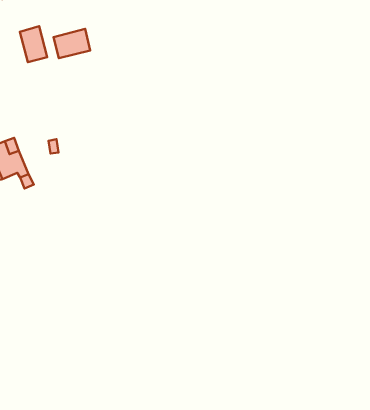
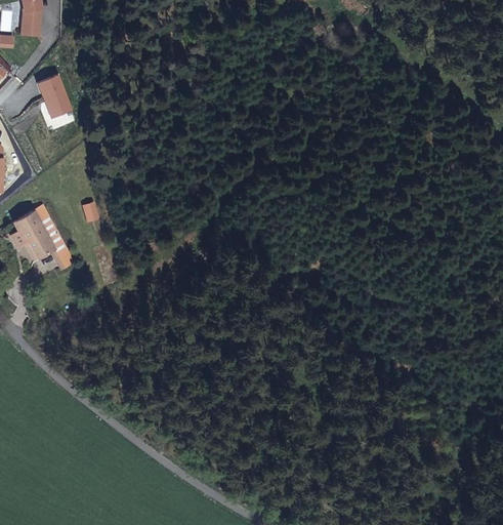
building: [53,29,90,58] -> none

